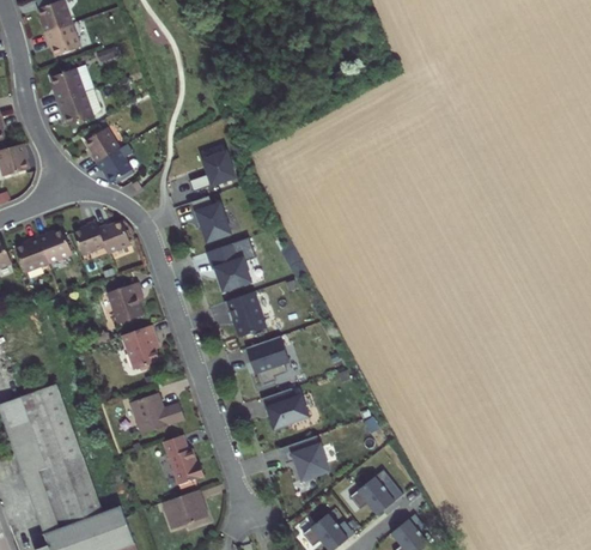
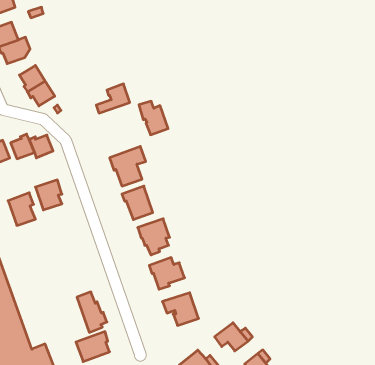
building: [191,197,231,242] -> [139,101,168,135]
building: [122,325,159,369] -> [8,193,35,225]
building: [129,392,184,435] -> none

